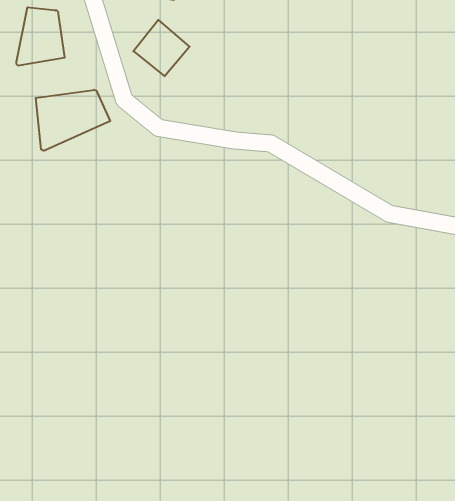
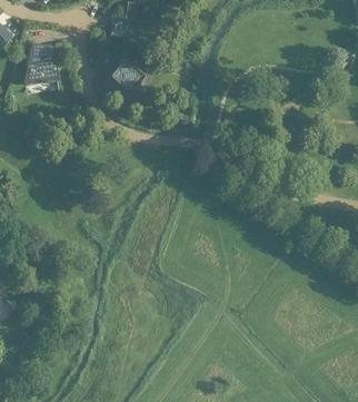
building: [36,90,110,151] -> none

